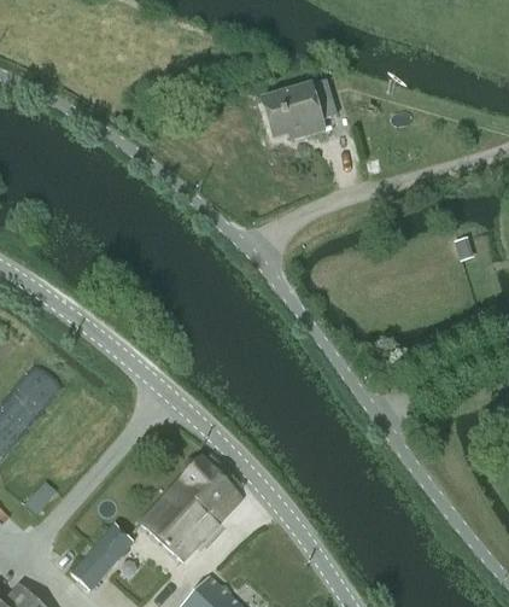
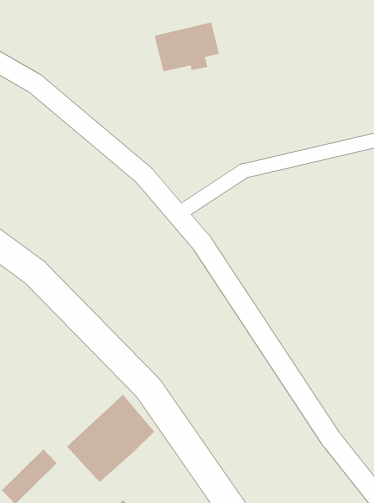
building: [262,81,337,141] -> [154,21,220,72]

